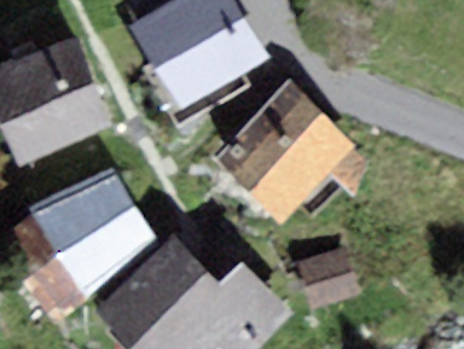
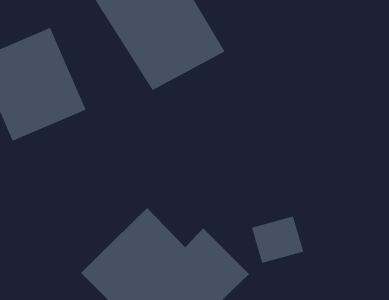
building: [216,81,353,217] -> none
building: [33,170,158,313] -> none

